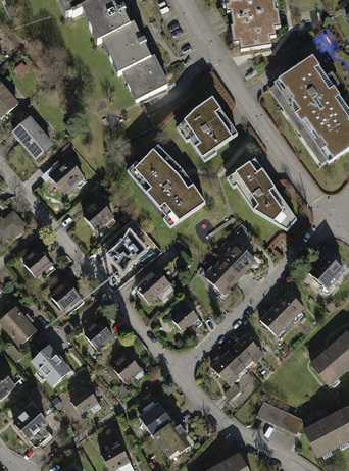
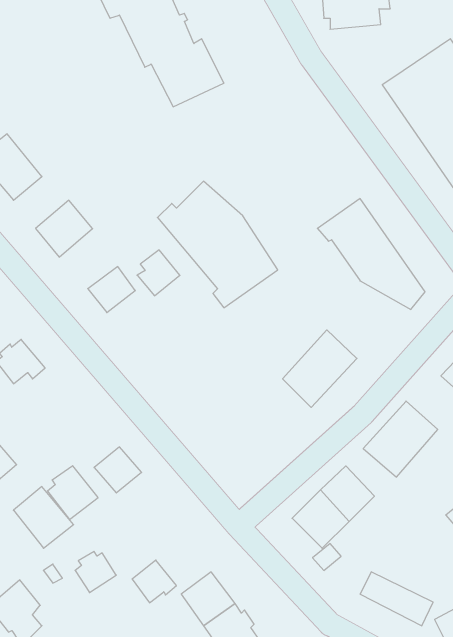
building: [174,98,236,161] -> none
building: [112,233,140,263] -> [137,250,180,296]
building: [135,269,169,303] -> none
building: [49,281,82,316] -> [47,466,98,520]
building: [170,301,198,331] -> none
building: [115,353,144,380] -> [132,560,176,603]

